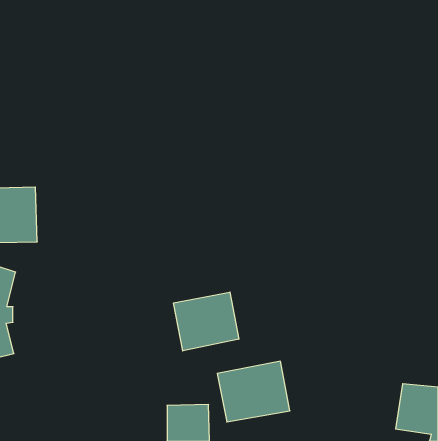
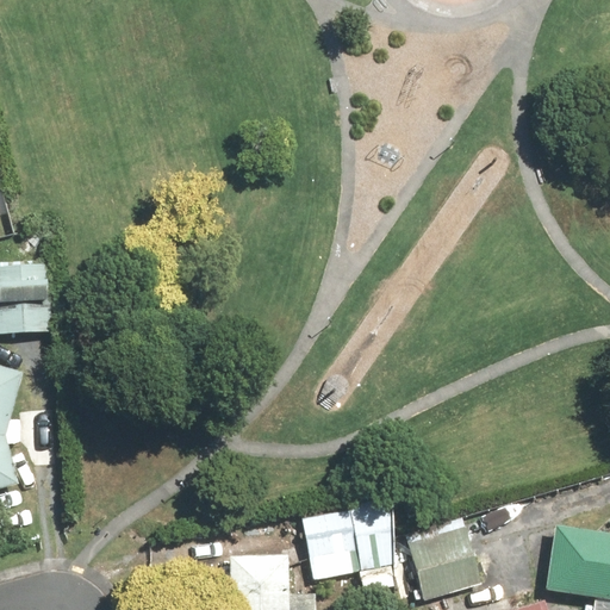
building: [174,292,239,351] -> none
building: none -> [404,527,481,598]

